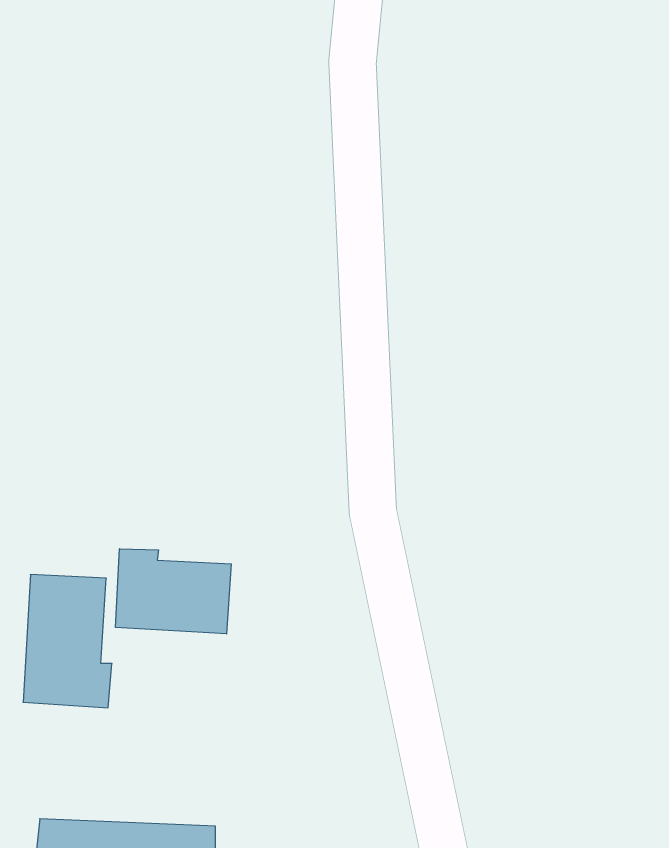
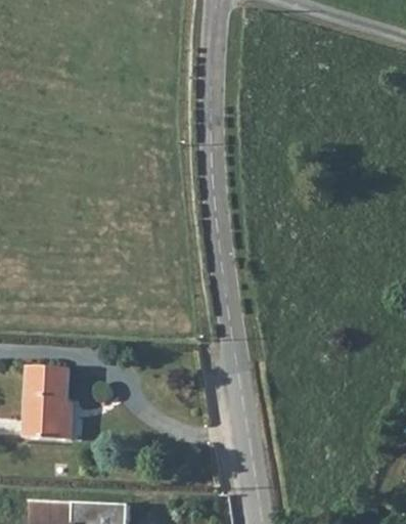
building: [116,549,231,634] -> none

